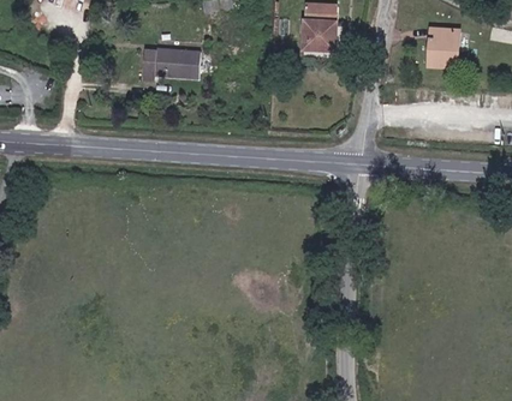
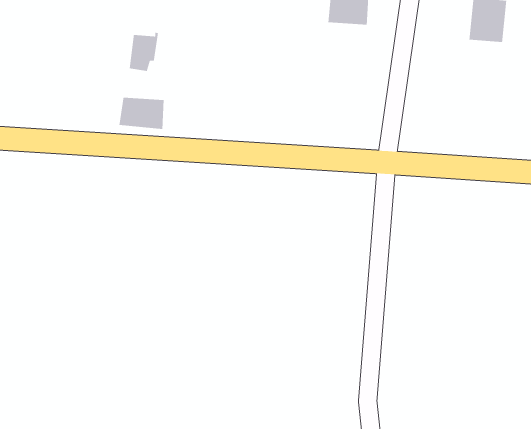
building: [163,52,202,79] -> [118,97,165,130]

